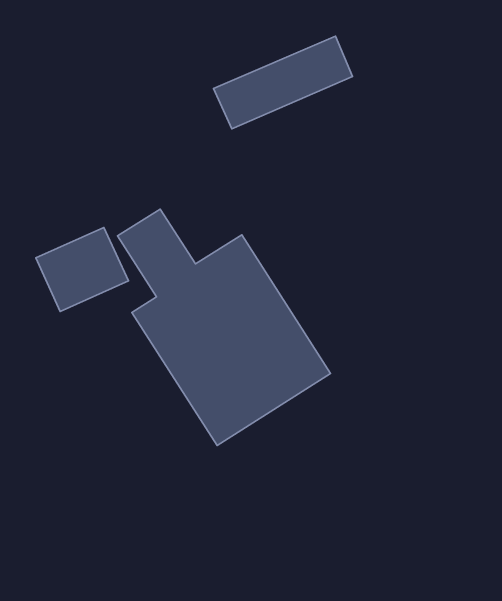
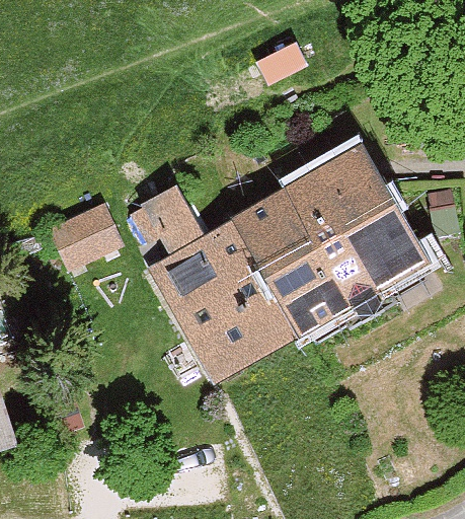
building: none -> [242,149,418,321]

